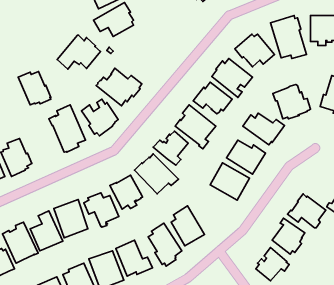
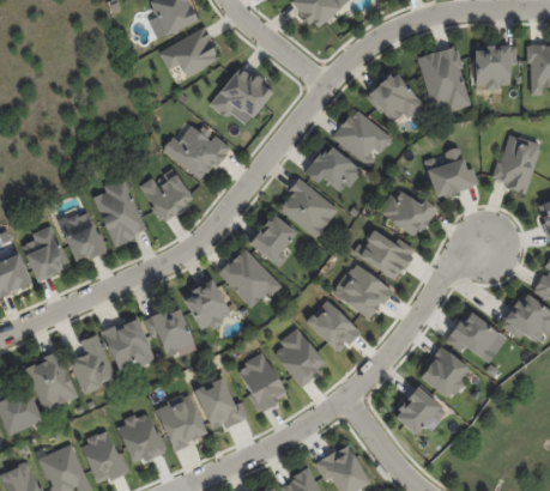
building: [57,35,100,69] -> [210,68,273,119]
building: [18,71,51,105] -> [59,213,107,262]
building: none -> [303,299,357,353]

